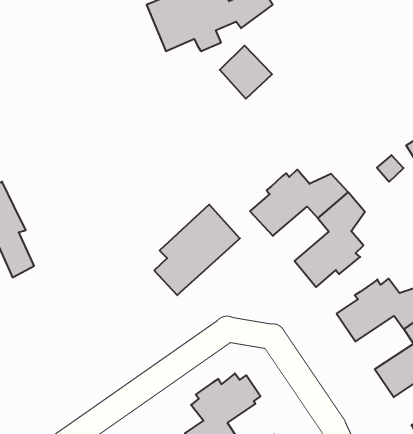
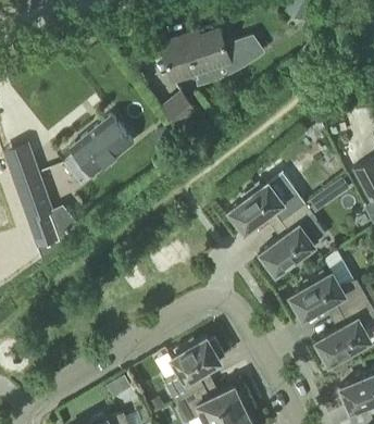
building: [220,46,272,99] -> [160,90,200,132]
building: [154,205,240,295] -> [65,116,134,185]

